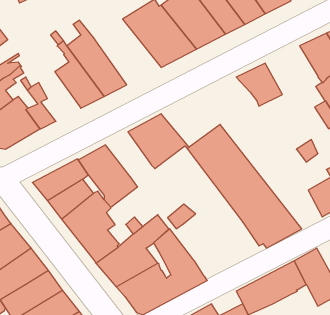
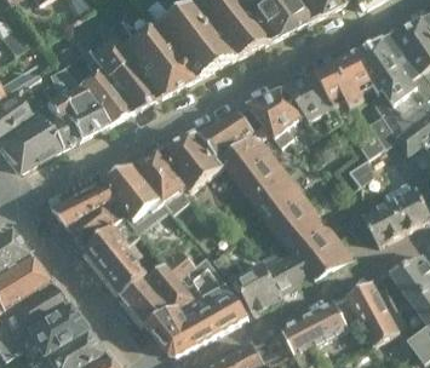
building: none -> [120,23,196,97]
building: none -> [314,53,373,108]
building: none -> [47,67,105,138]
building: none -> [247,88,304,145]
building: none -> [196,109,263,167]
building: none -> [133,150,189,214]
building: none -> [229,252,306,314]

